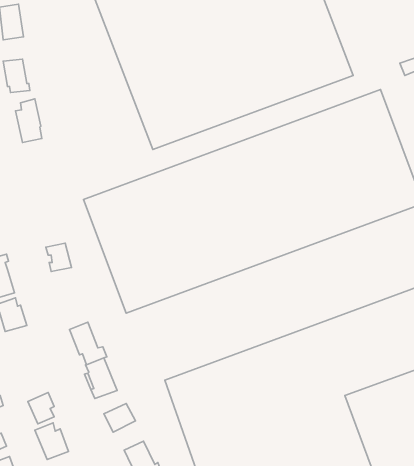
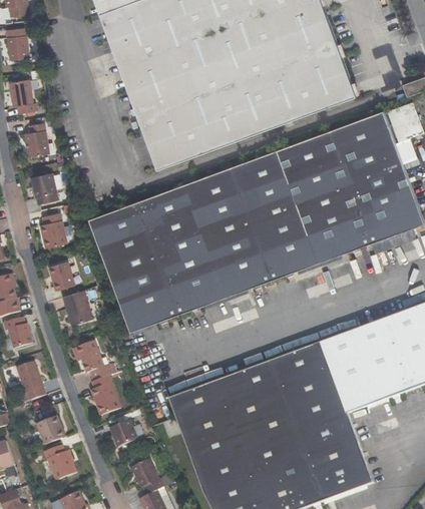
building: none -> [31,172,59,204]
building: none -> [42,212,67,247]
building: none -> [65,290,94,325]
building: none -> [15,360,46,404]

